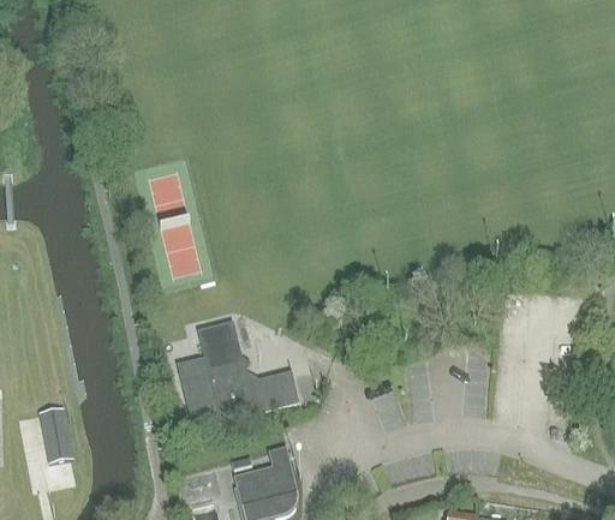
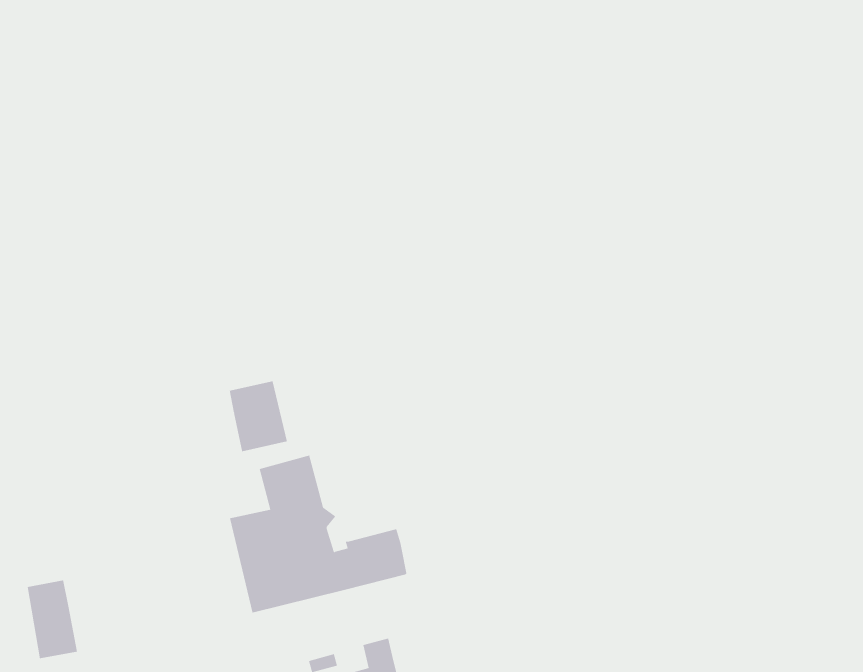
building: none -> [229,381,288,452]

